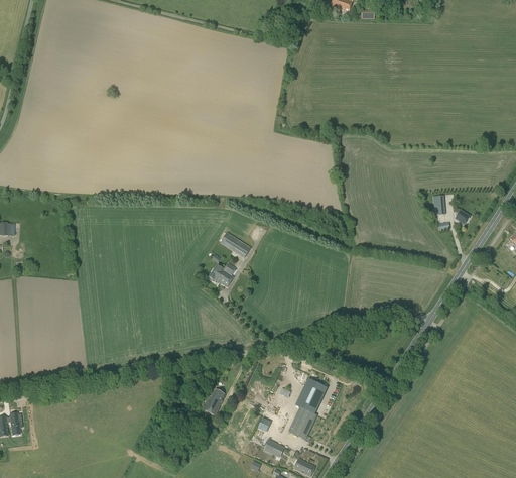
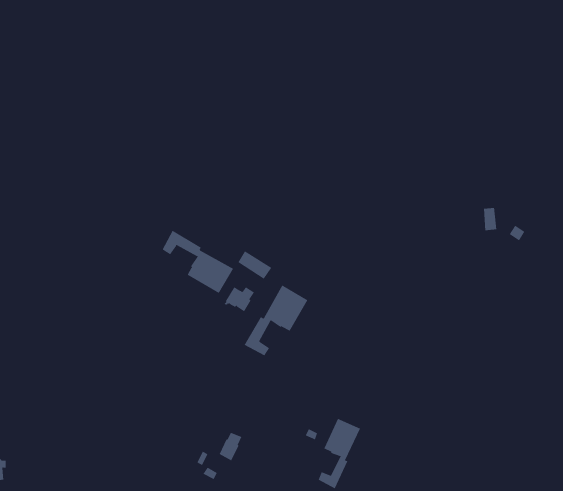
building: none -> [162,230,234,294]
building: none -> [244,284,308,356]

